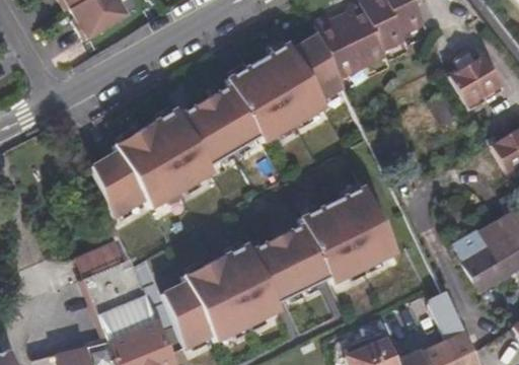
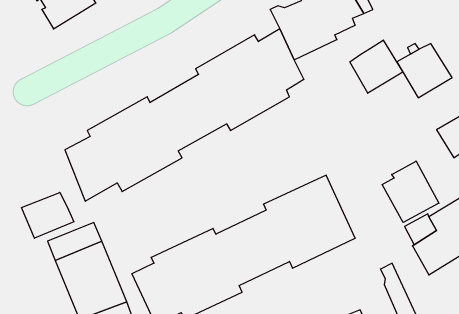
building: none -> [350,40,403,93]
building: none -> [382,161,439,222]
building: none -> [22,192,74,238]

